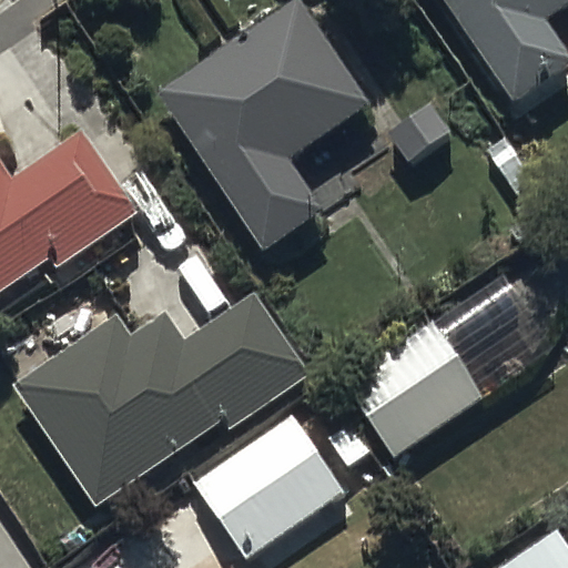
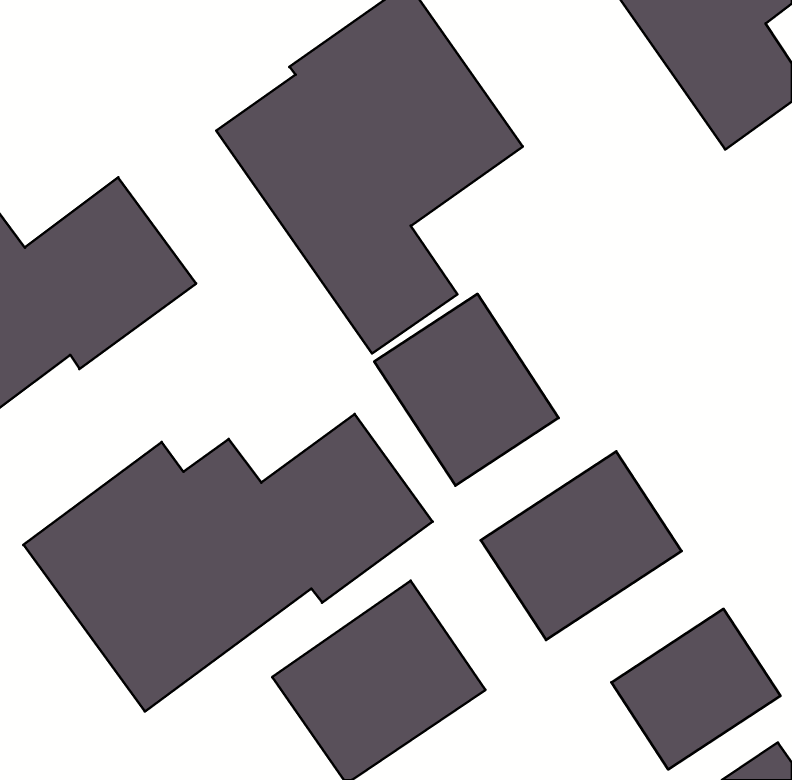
building: none -> [374,294,559,486]
building: none -> [611,609,780,769]

